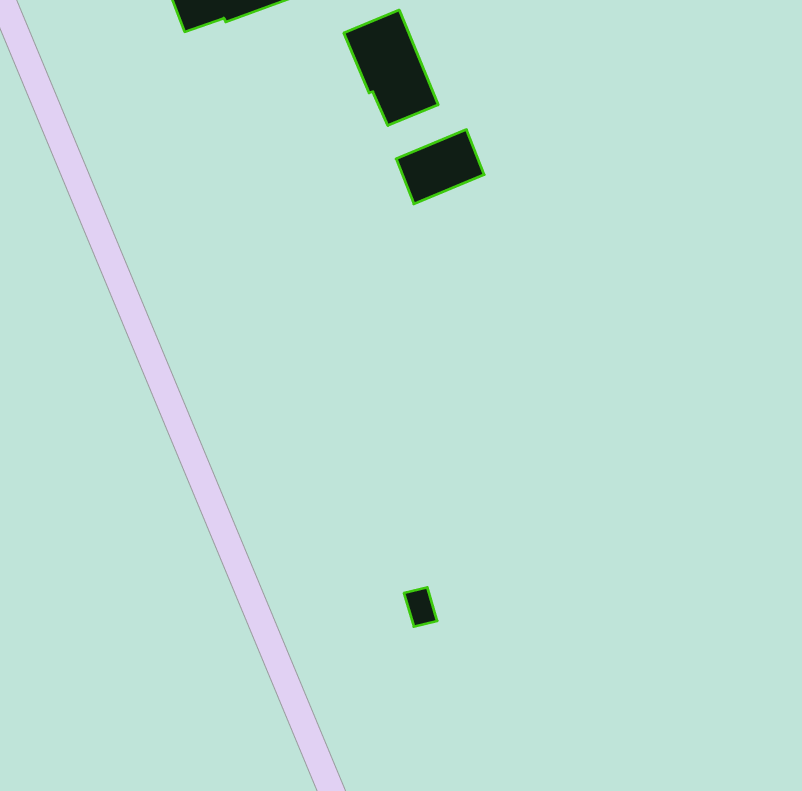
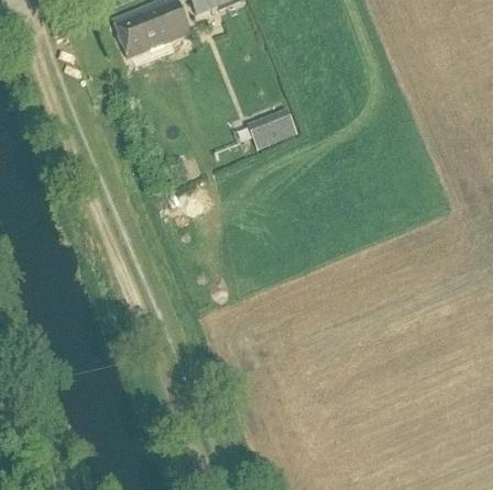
building: [344,10,438,126] -> none

